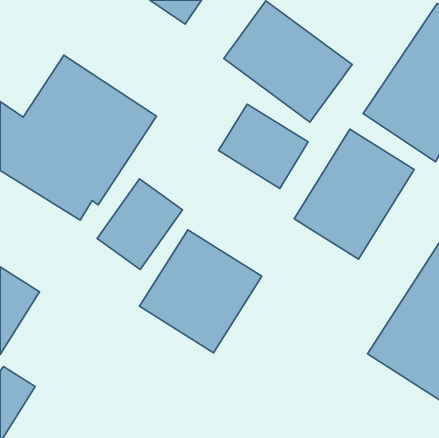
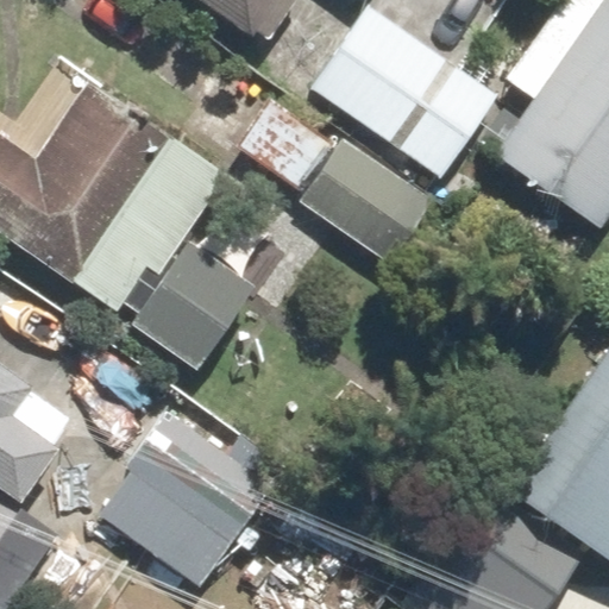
building: [294,129,414,259] -> none
building: [140,230,262,353] -> [87,412,256,582]

